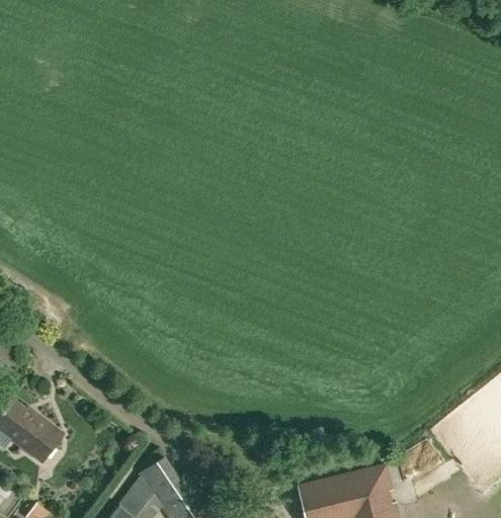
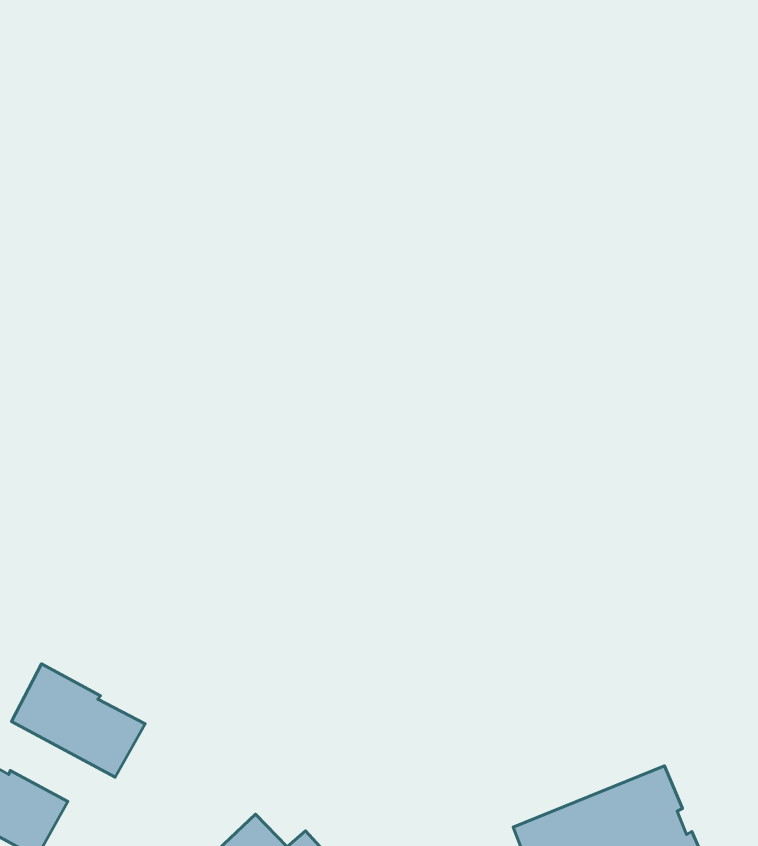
building: none -> [12,664,145,777]

